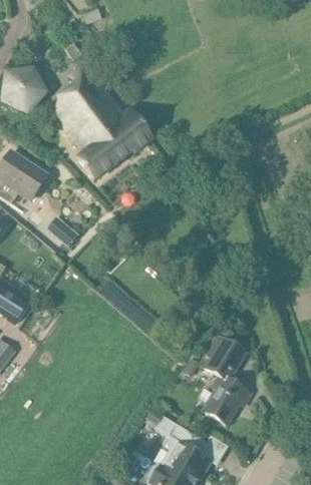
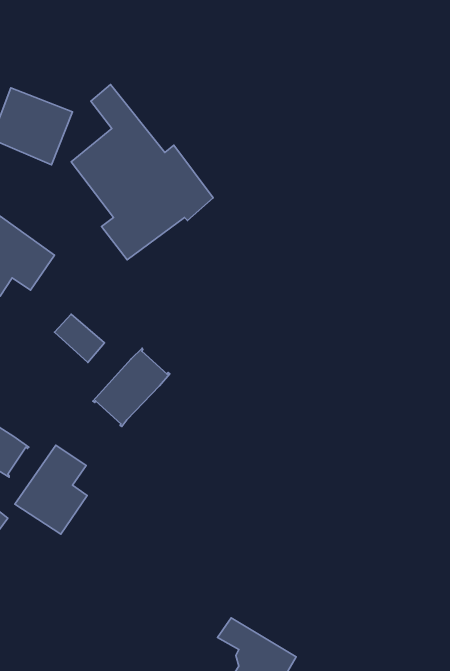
building: none -> [93,348,170,427]
building: none -> [15,445,87,534]
building: [198,334,250,424] -> none

